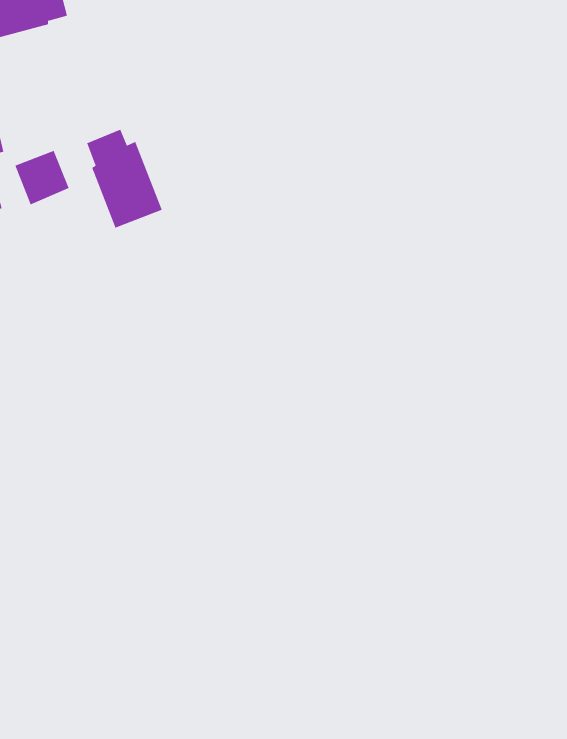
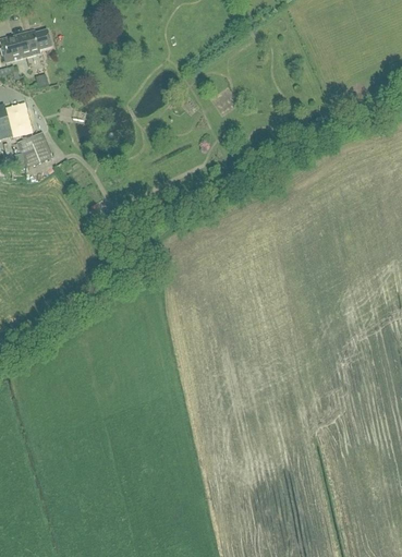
building: [86,129,163,228] -> none

